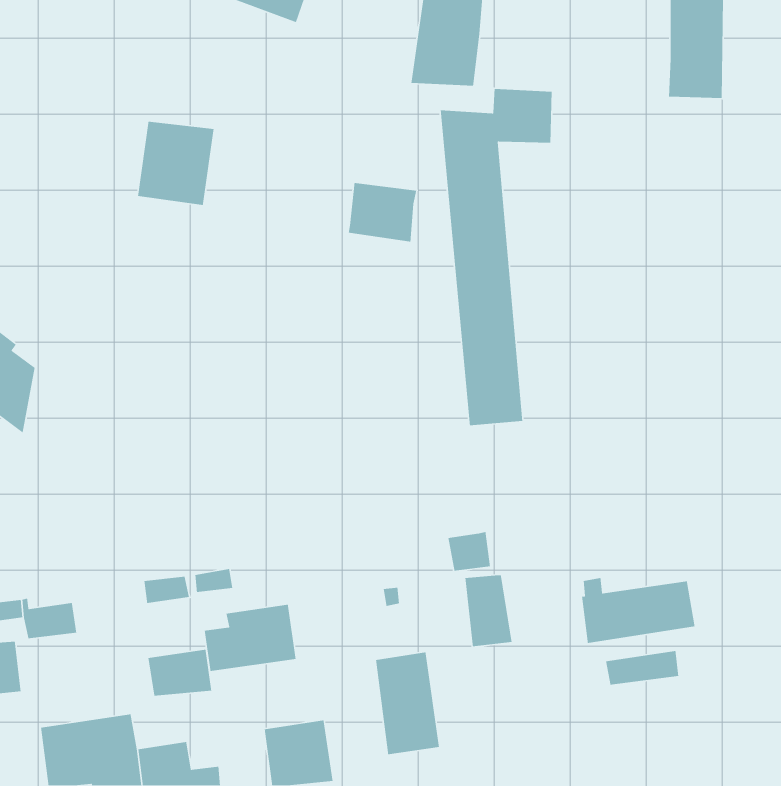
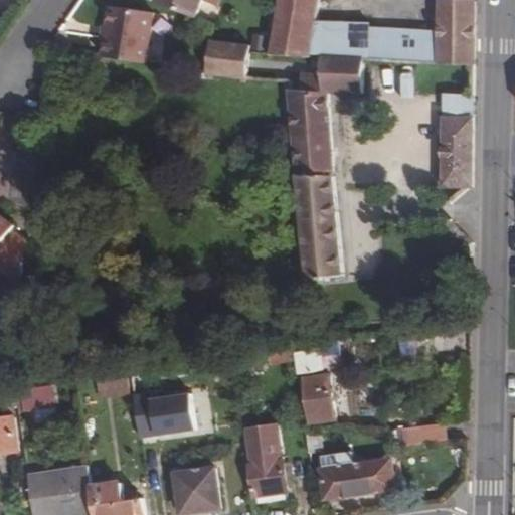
building: none -> [309,22,437,63]
building: [137,121,214,206] -> [99,4,149,59]
building: none -> [438,93,470,187]
building: [348,182,417,243] -> [204,39,249,78]
building: [581,577,695,644] -> [319,456,393,499]
building: [147,649,212,696] -> none

